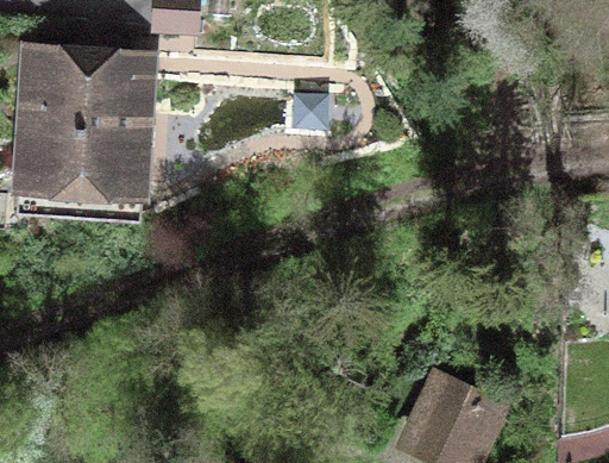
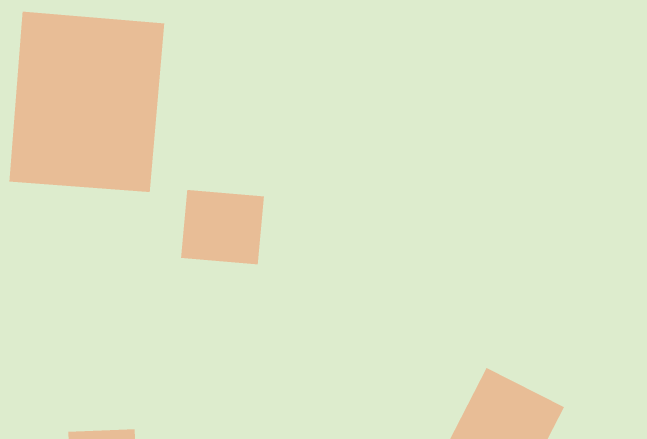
building: none -> [180,189,265,265]

